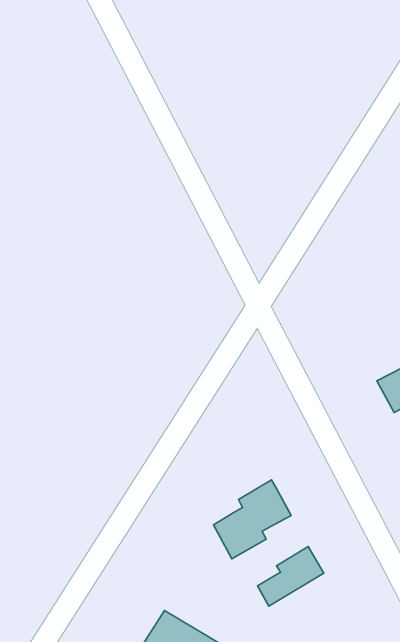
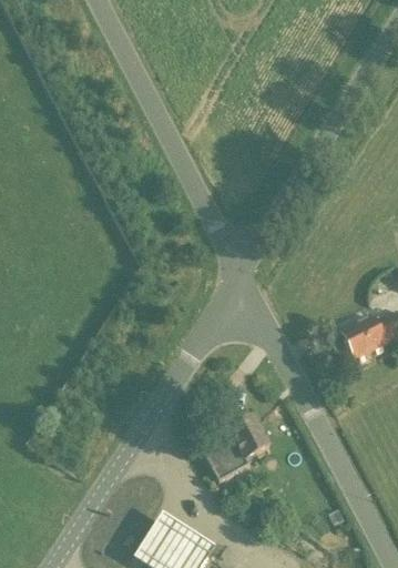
building: [257,547,324,606] -> none

